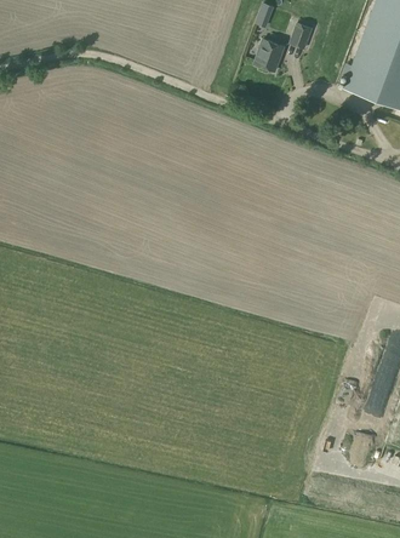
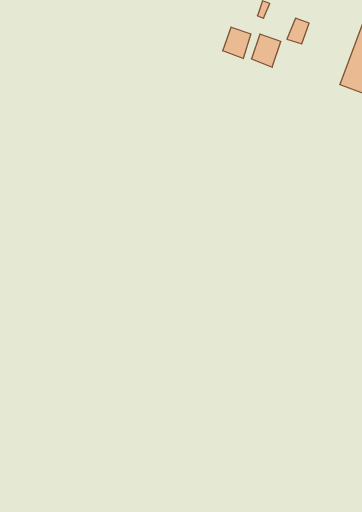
building: none -> [223,27,251,59]

